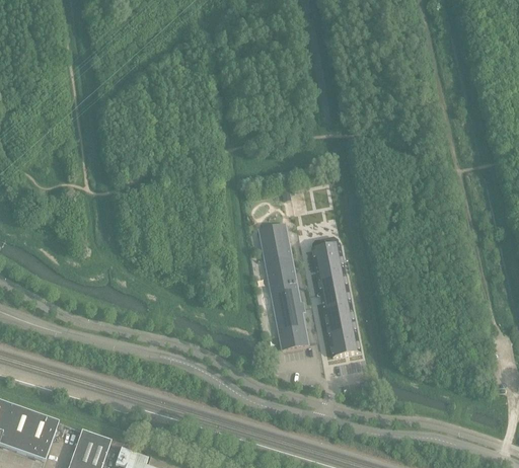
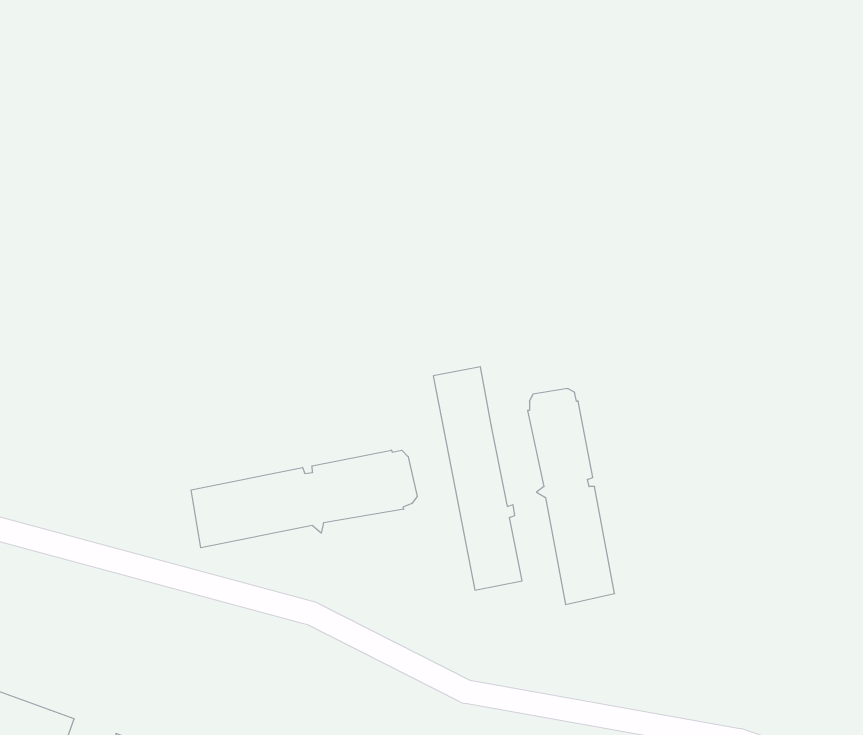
building: none -> [191,450,417,548]

